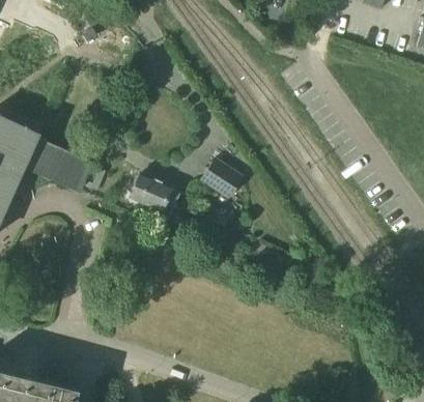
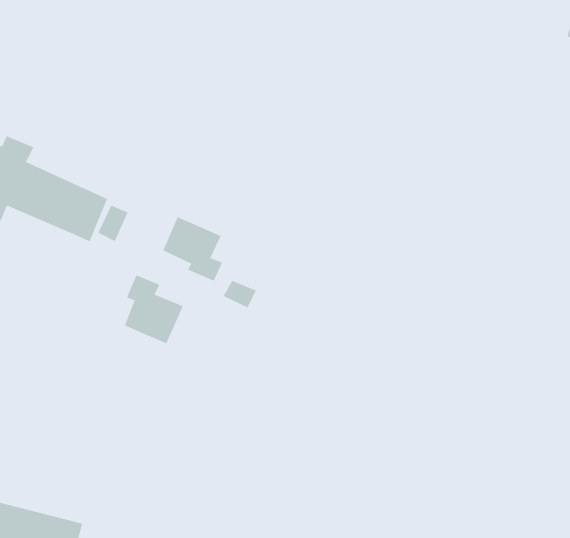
building: [200,157,243,197] -> none
building: none -> [124,274,183,344]

